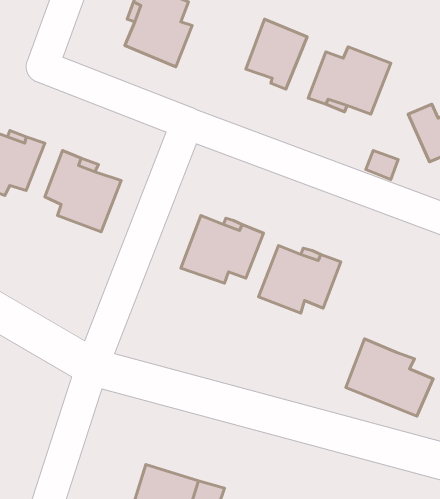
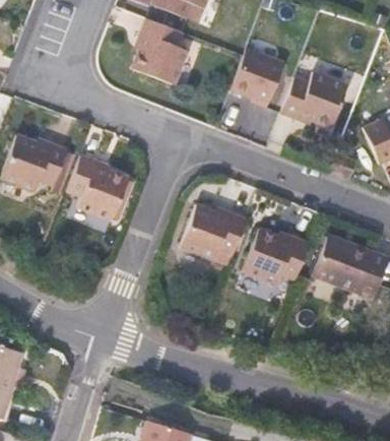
building: [346,339,433,416] -> [314,236,385,299]

